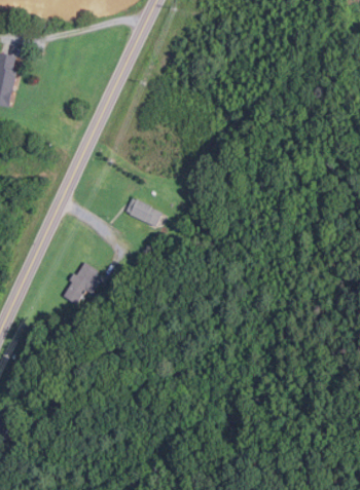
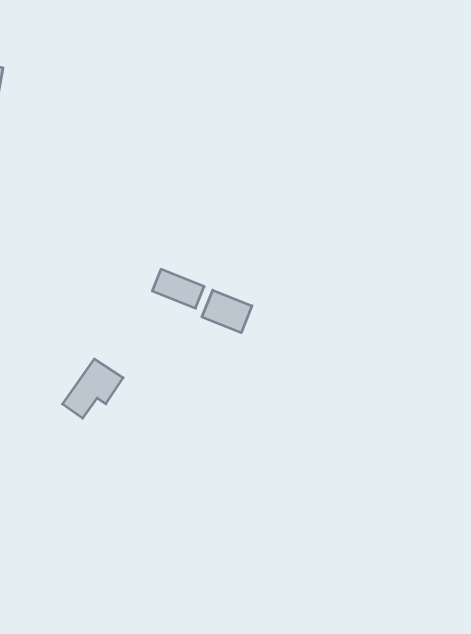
building: none -> [202,290,252,333]

